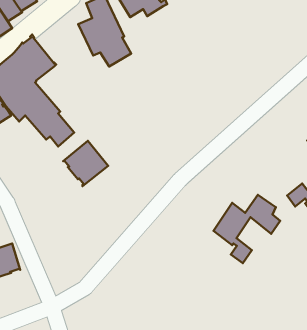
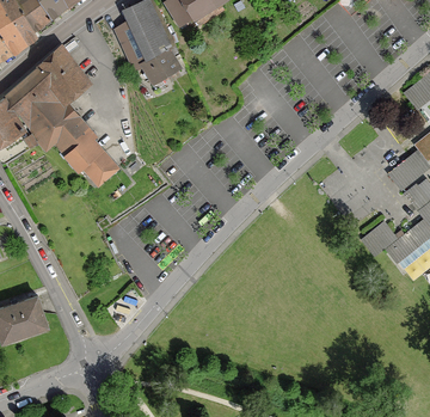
building: [63,141,108,186] -> none
building: [214,195,280,263] -> none

